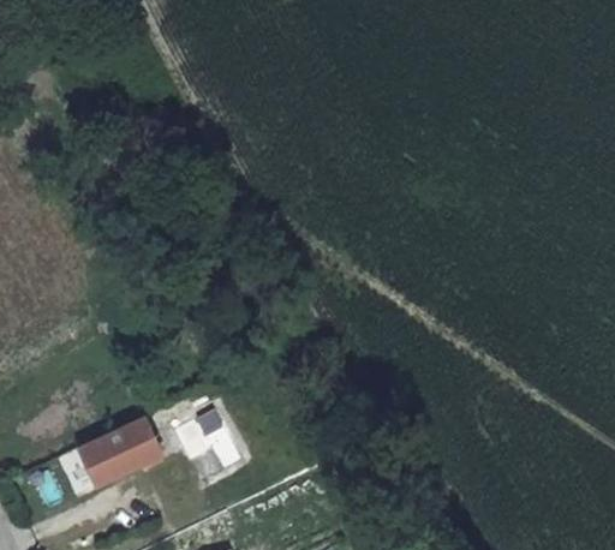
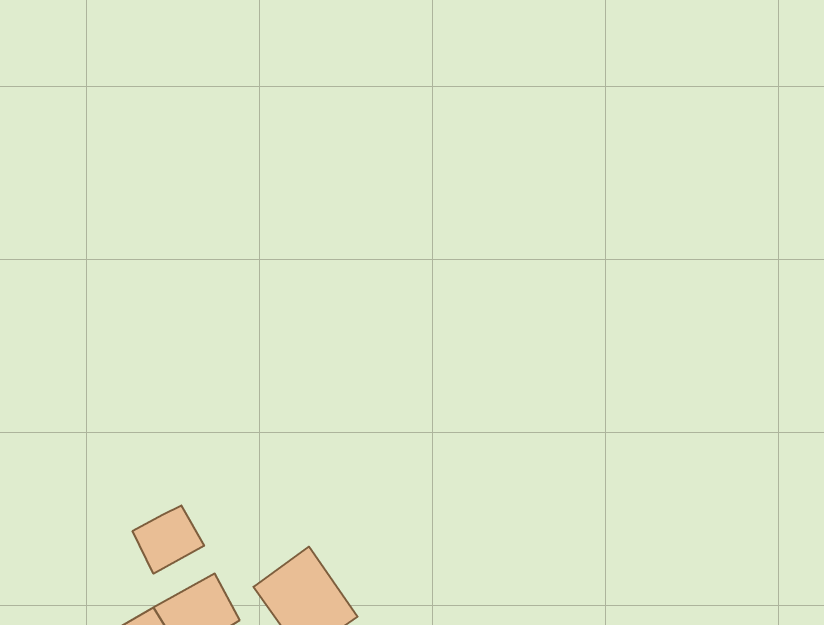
building: none -> [133,505,204,574]

